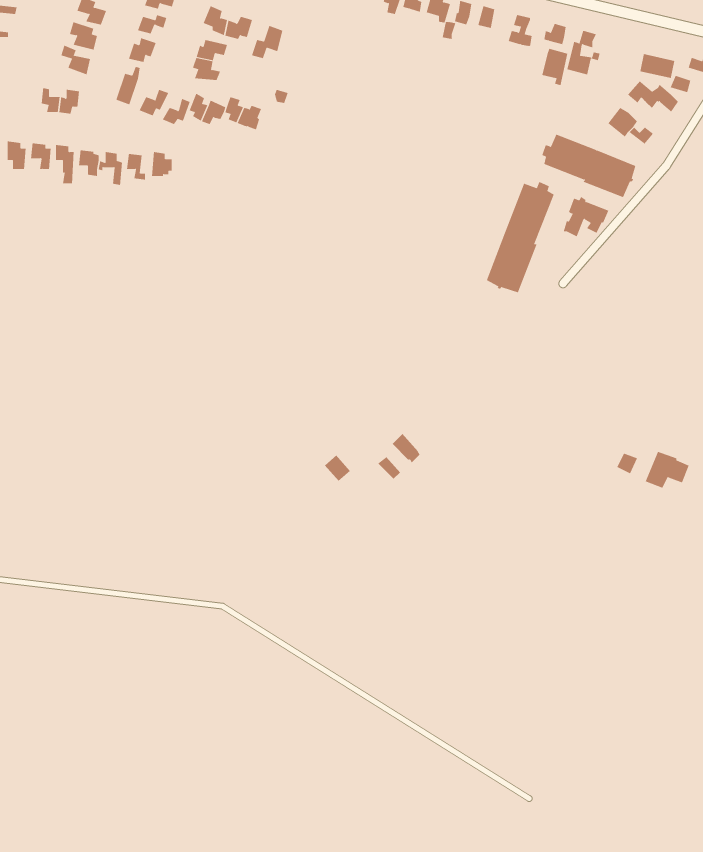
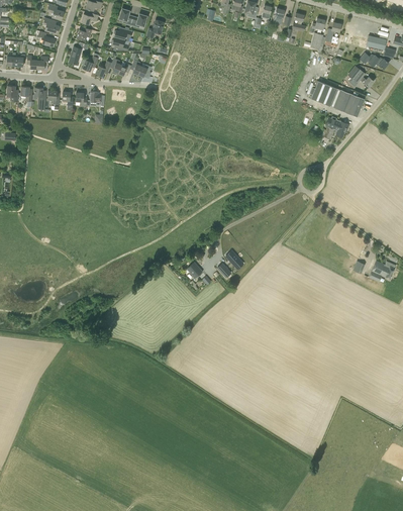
building: [486,181,554,293] -> none

